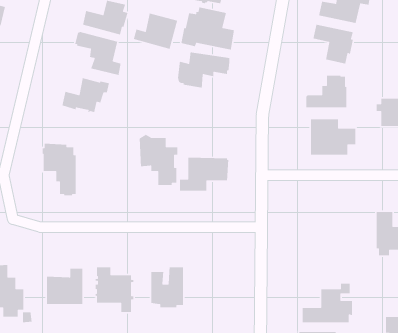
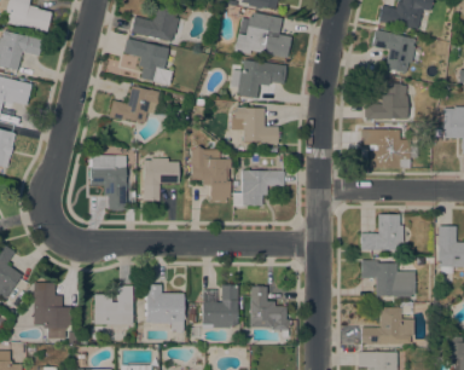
building: [133,12,178,50] -> none
building: none -> [232,108,280,143]
building: none -> [143,157,179,201]
building: none -> [361,214,404,249]
building: none -> [361,260,416,297]
building: none -> [250,285,289,337]

